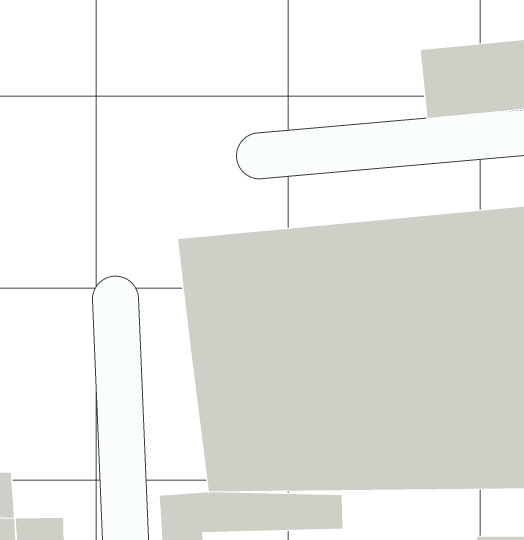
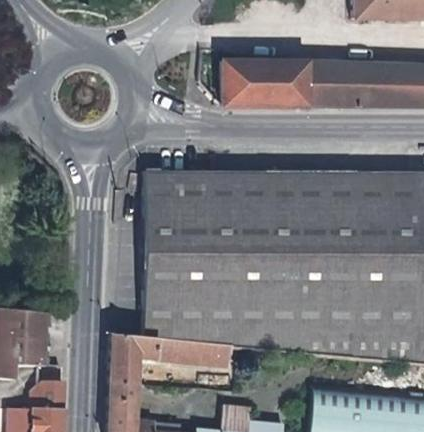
building: none -> [221,63,311,108]
building: none -> [17,309,50,342]

